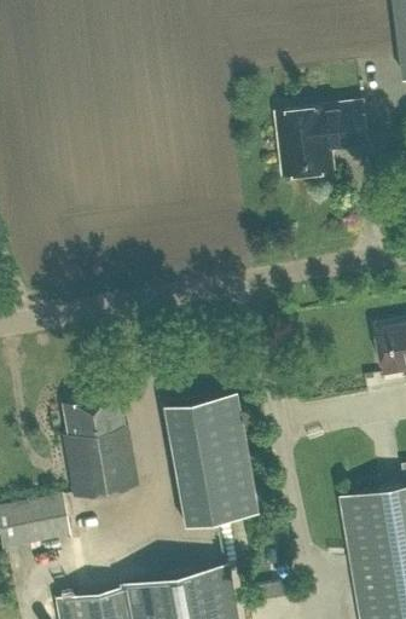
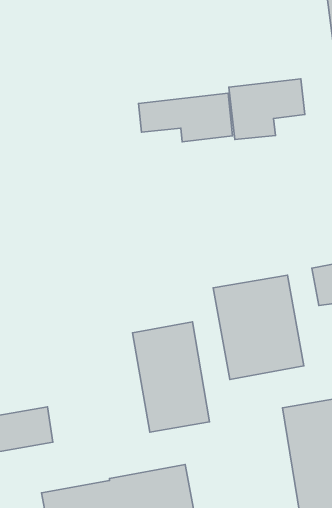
building: none -> [138,93,233,142]
building: none -> [213,275,304,379]
building: [60,395,135,496] -> none

